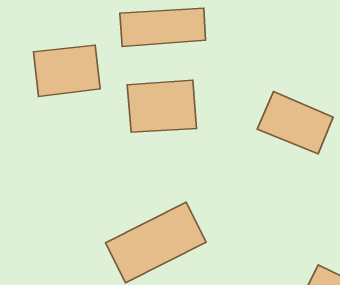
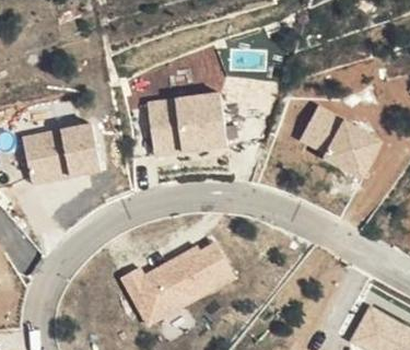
building: [120,8,206,46] -> none
building: [34,45,100,96] -> [24,124,101,183]

